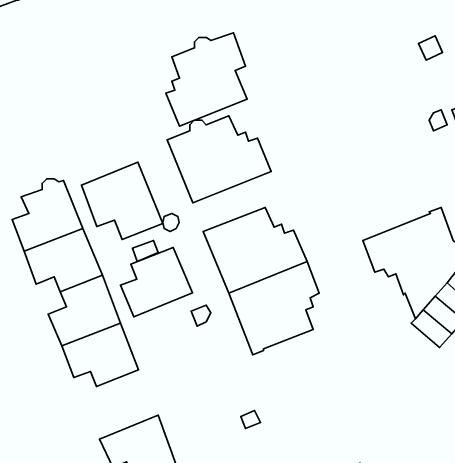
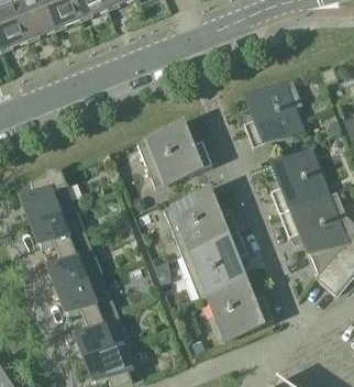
building: [166,33,247,126] -> [243,79,302,147]
building: none -> [270,150,329,214]
building: [81,162,163,239] -> none
building: [120,248,193,317] -> [77,309,130,360]
building: none -> [207,279,274,339]

